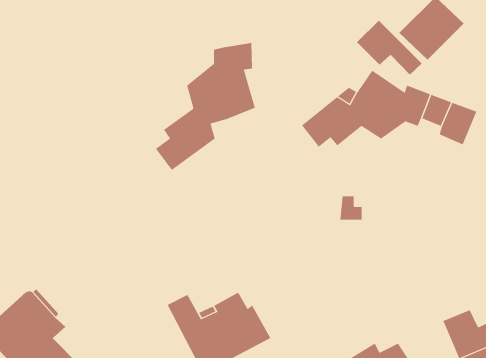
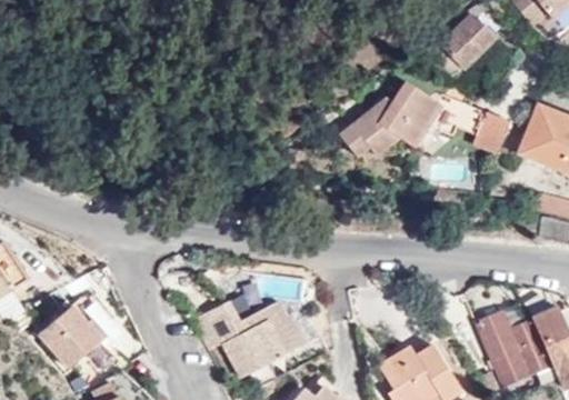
building: [356,20,423,76] -> none
building: [155,42,256,171] -> none

